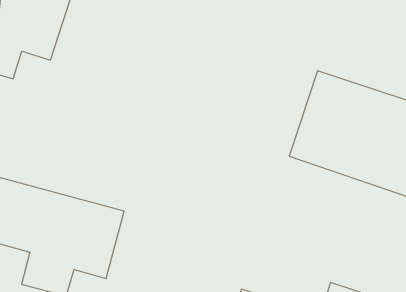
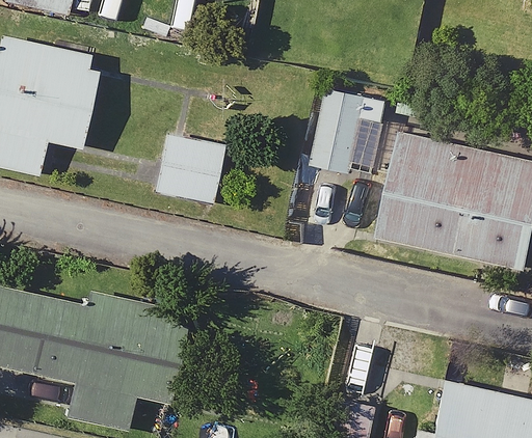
building: none -> [311,88,367,173]
building: none -> [153,135,222,203]

